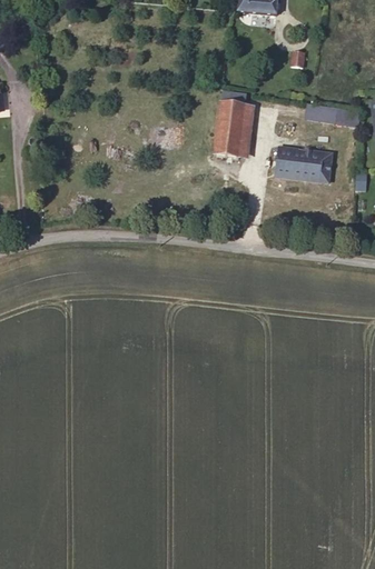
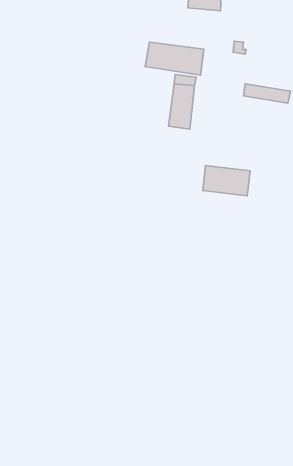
building: none -> [145,42,204,75]
building: [275,147,332,183] -> [203,165,250,196]

